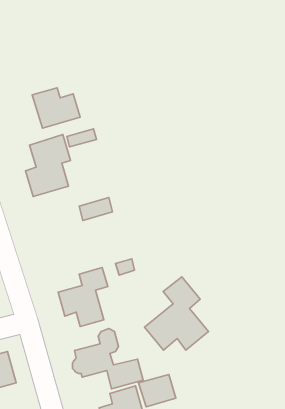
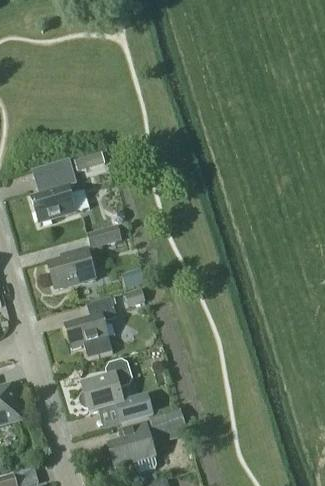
building: [32,88,80,128] -> none
building: none -> [46,246,95,288]
building: [145,277,209,350] -> none

